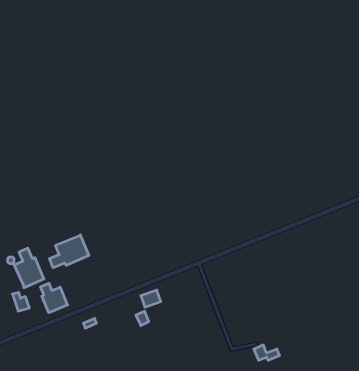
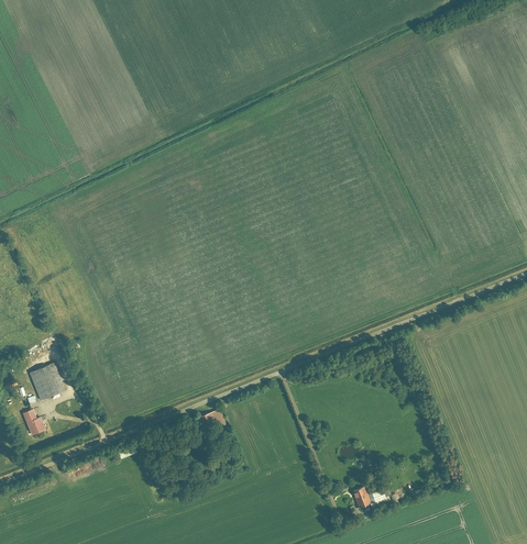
building: [49,235,89,268] -> none
building: [41,283,68,313] -> none

